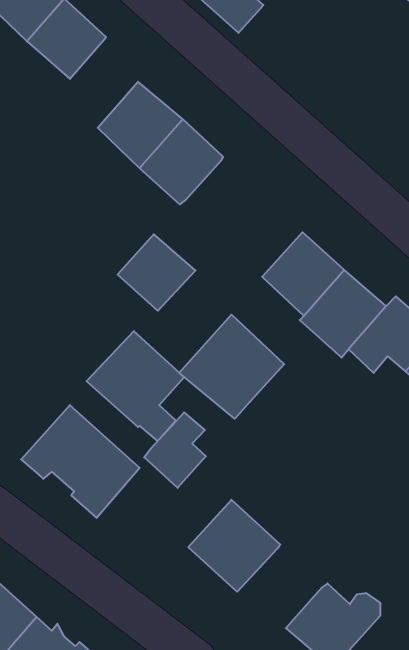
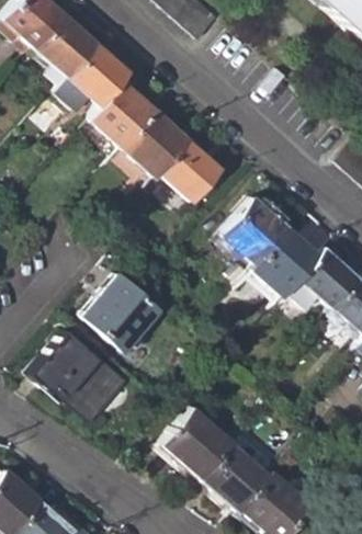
building: none -> [68,43,128,103]
building: [118,234,196,311] -> [159,139,220,200]
building: [179,315,284,419] -> none
building: [144,412,206,488] -> none
building: none -> [200,445,267,512]

